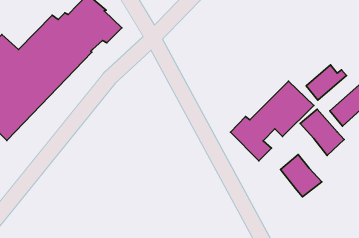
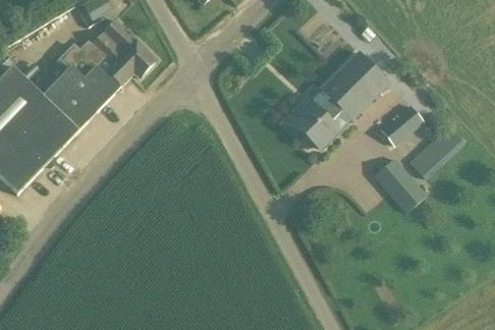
building: [230,81,314,161] -> [287,51,388,148]
building: [280,154,322,197] -> none

